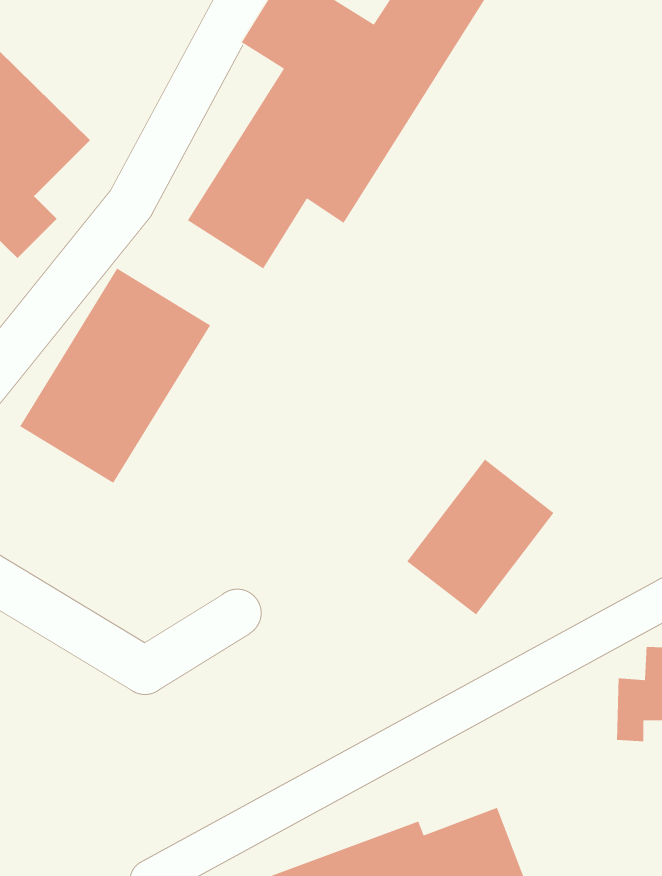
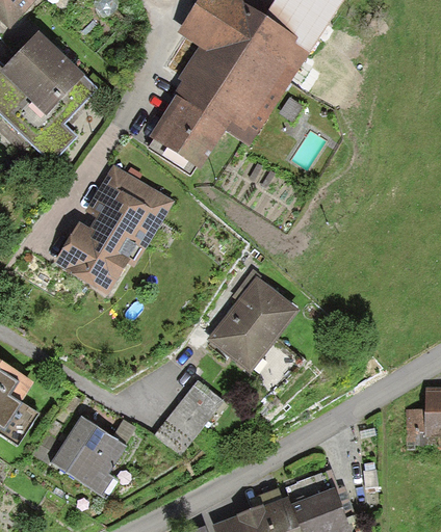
building: [406,459,555,616] -> [208,276,296,370]
building: none -> [166,381,217,434]
building: none -> [52,418,127,493]

